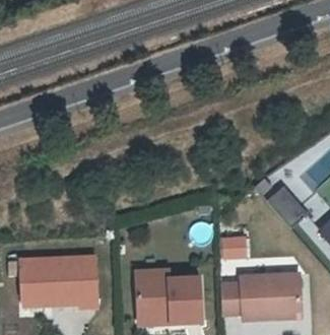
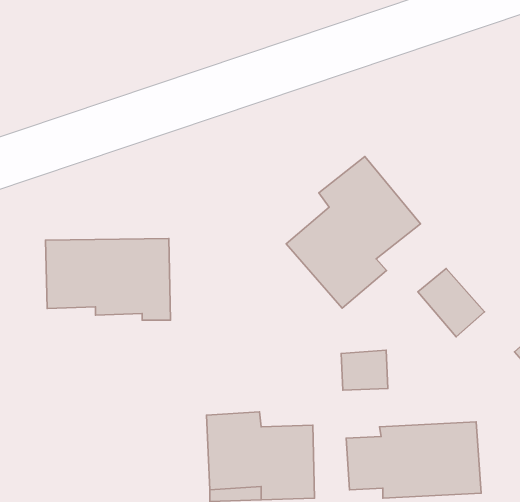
building: none -> [286,157,421,308]
building: [19,256,95,306] -> [46,239,170,320]

